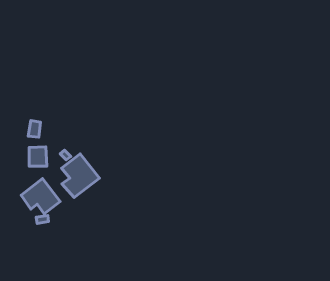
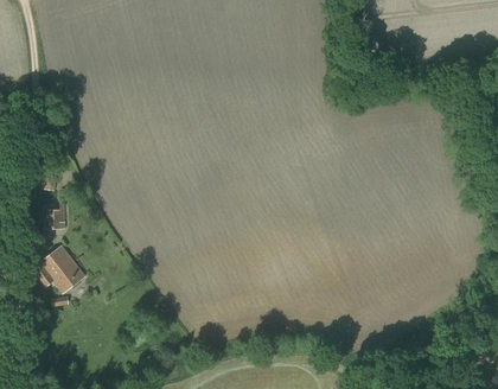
building: [61,154,99,197] -> none

